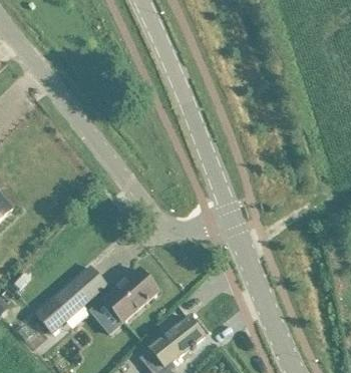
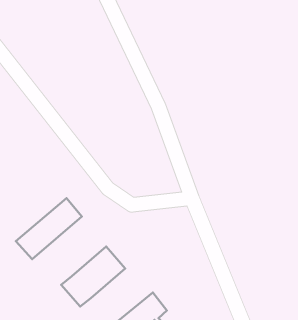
building: [36,266,105,330] -> [16,198,82,259]

